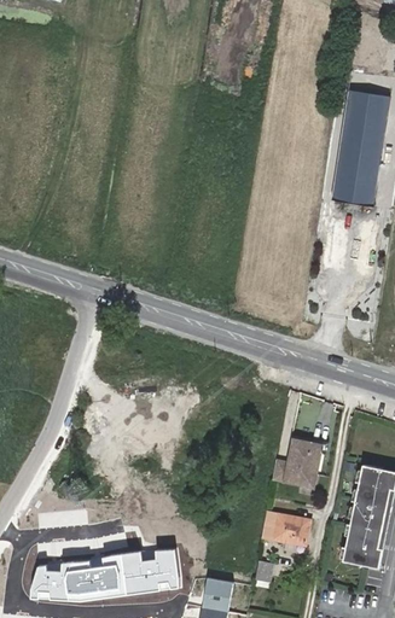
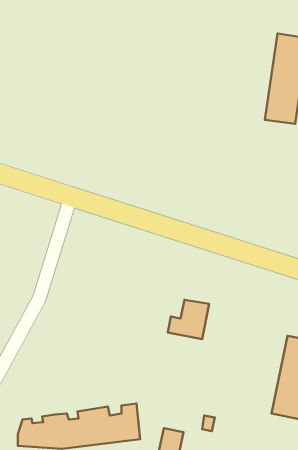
building: [268,437,319,485] -> [168,300,209,339]
building: [263,511,312,543] -> none

